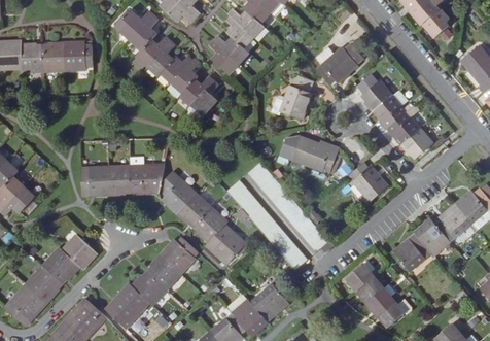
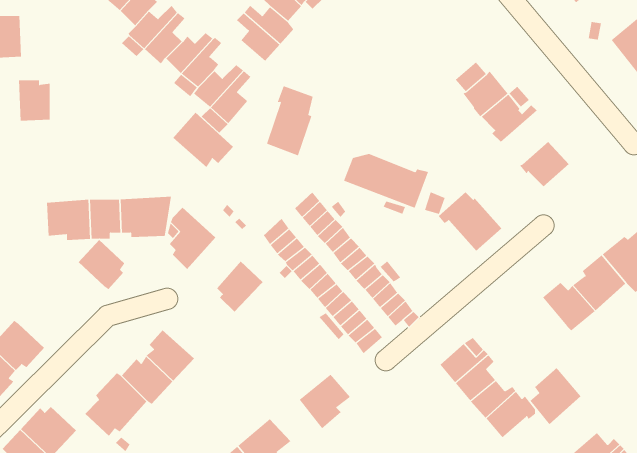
building: [63,43,84,71] -> [18,80,50,121]
building: [317,43,363,86] -> none
building: [279,73,311,121] -> [266,86,314,156]
building: [386,104,418,143] -> none
building: none -> [172,112,234,168]
building: [175,193,211,227] -> none
building: [205,225,245,263] -> none
building: [395,233,430,272] -> [529,367,581,425]
building: [62,235,94,269] -> [78,239,125,290]
building: [159,238,197,274] -> none
building: [231,300,266,333] -> none

